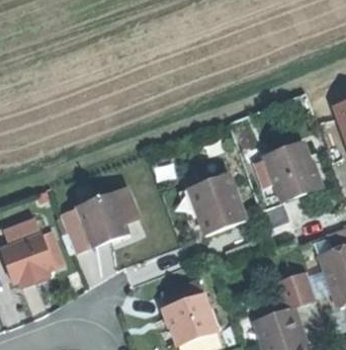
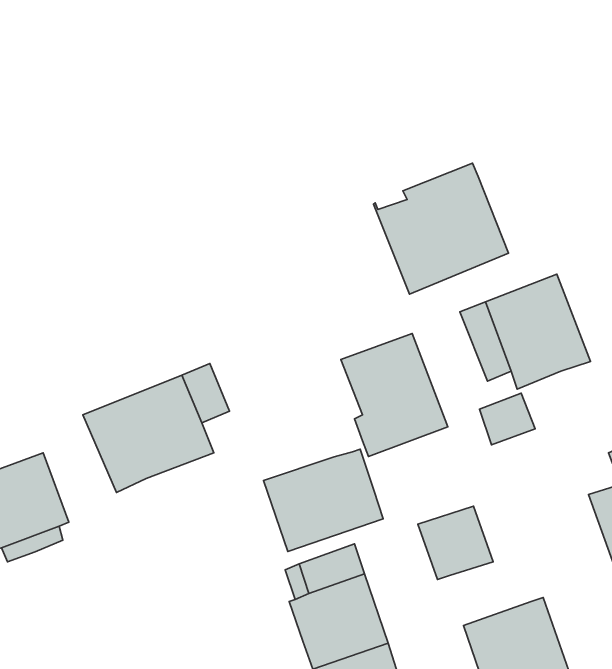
building: none -> [374,163,508,294]
building: none -> [263,449,383,552]
building: [278,271,317,309] -> [418,506,493,580]

